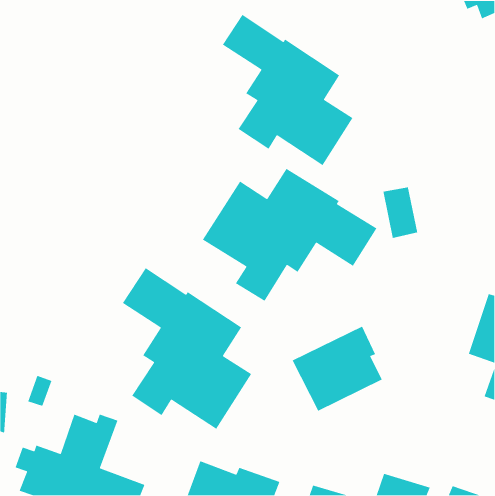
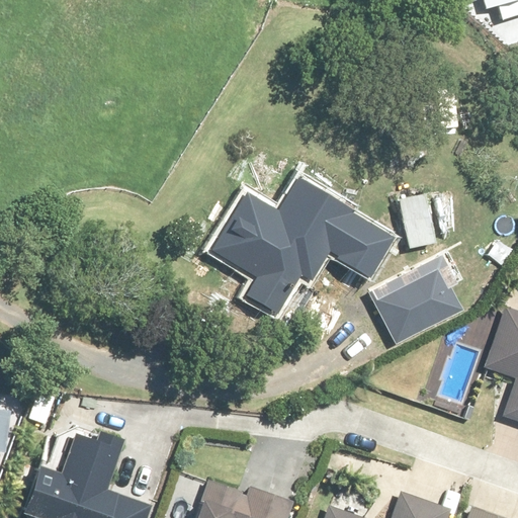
building: [222,14,354,166] -> none
building: [122,267,252,430] -> none
building: [292,325,383,412] -> [368,254,463,344]

